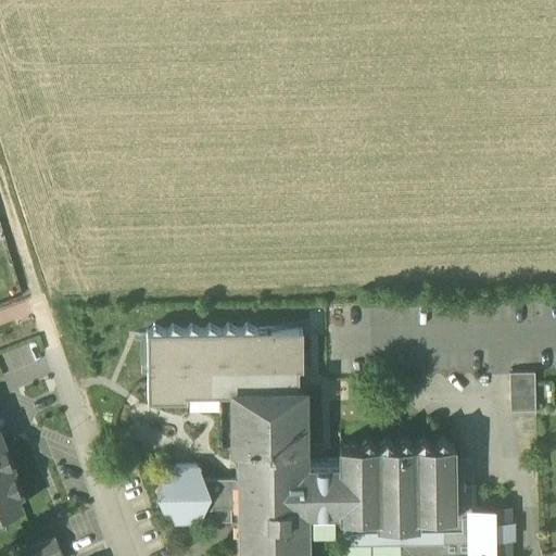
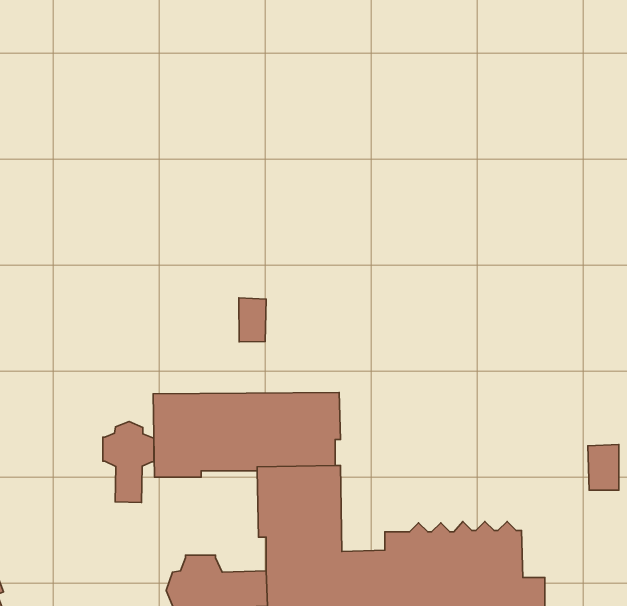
building: none -> [239,298,266,342]
building: none -> [103,421,154,503]

